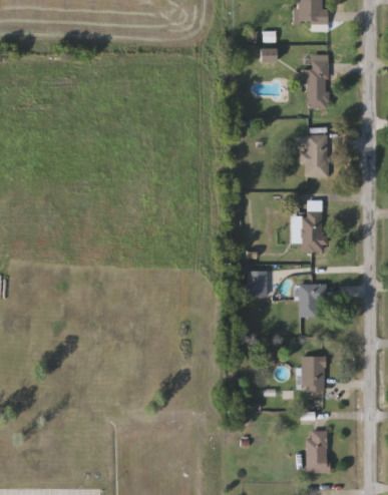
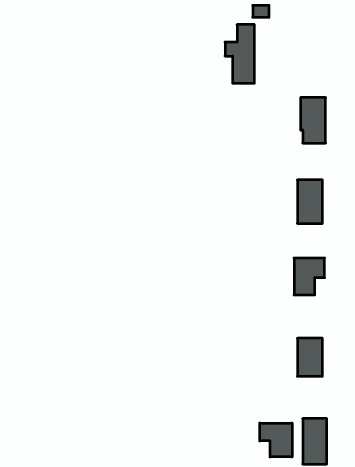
building: [301,54,328,108] -> [225,25,254,83]
building: [247,271,267,297] -> none
building: none -> [260,423,292,457]

